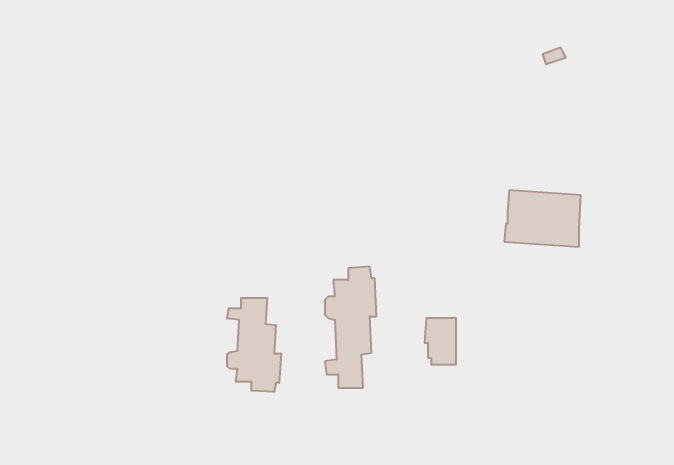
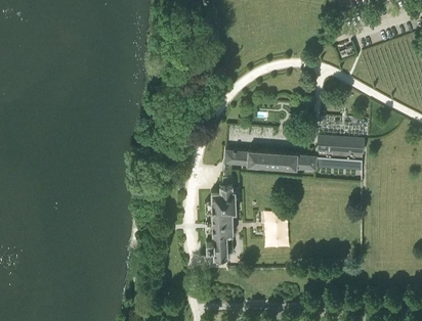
building: none -> [224,150,316,171]
building: [227,298,281,392] -> none

